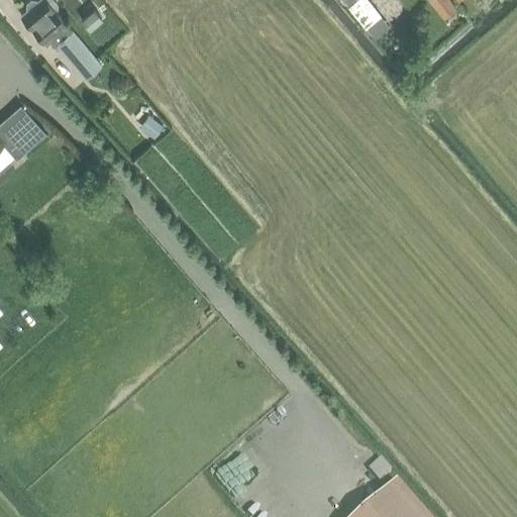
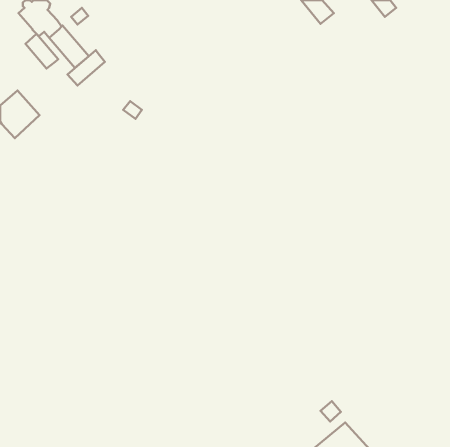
building: none -> [25,34,58,68]
building: none -> [68,50,105,85]

